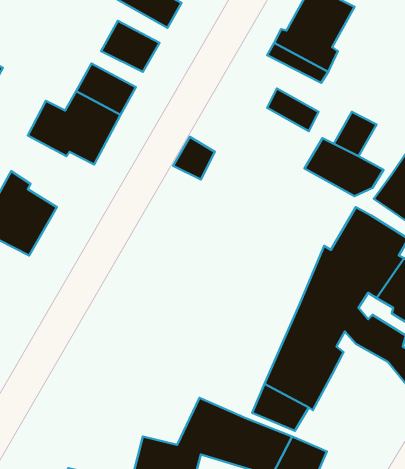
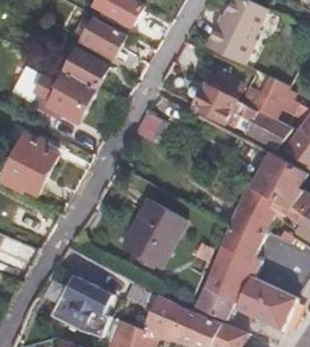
building: none -> [191,82,235,122]
building: none -> [113,193,176,262]
building: none -> [51,274,114,337]
building: none -> [235,277,296,331]

